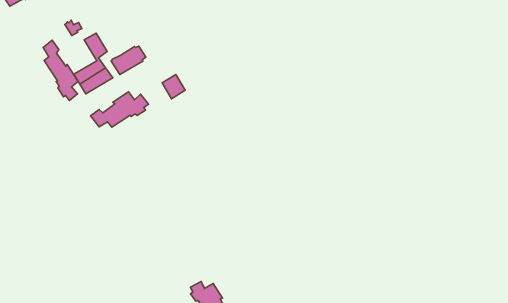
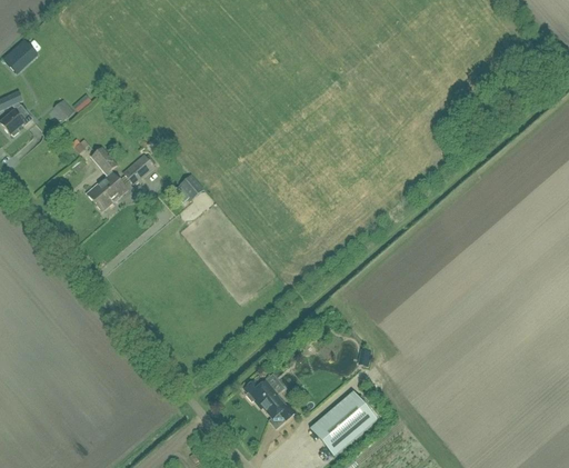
building: [43,40,78,101] -> none
building: [90,92,148,127] -> none

